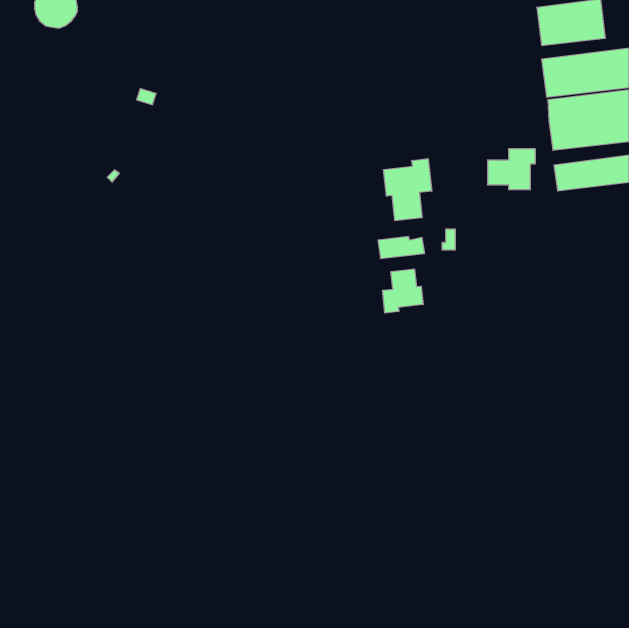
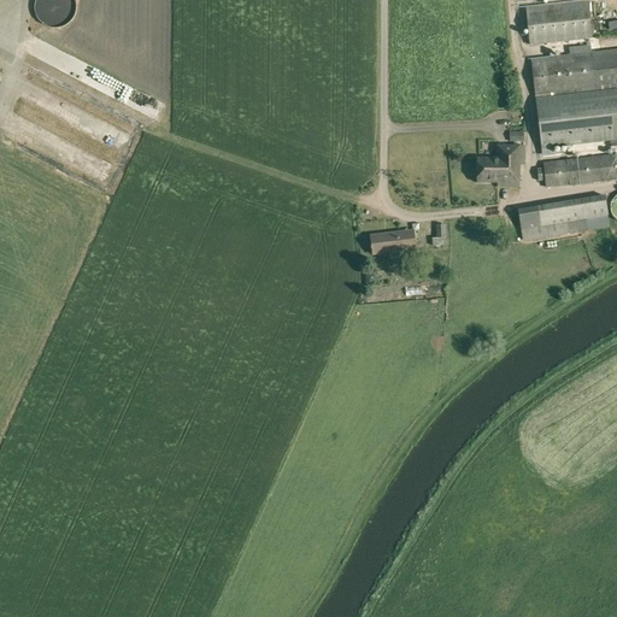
building: [384,159,432,221] -> none
building: none -> [517,194,610,241]
building: [382,269,423,313] -> none

